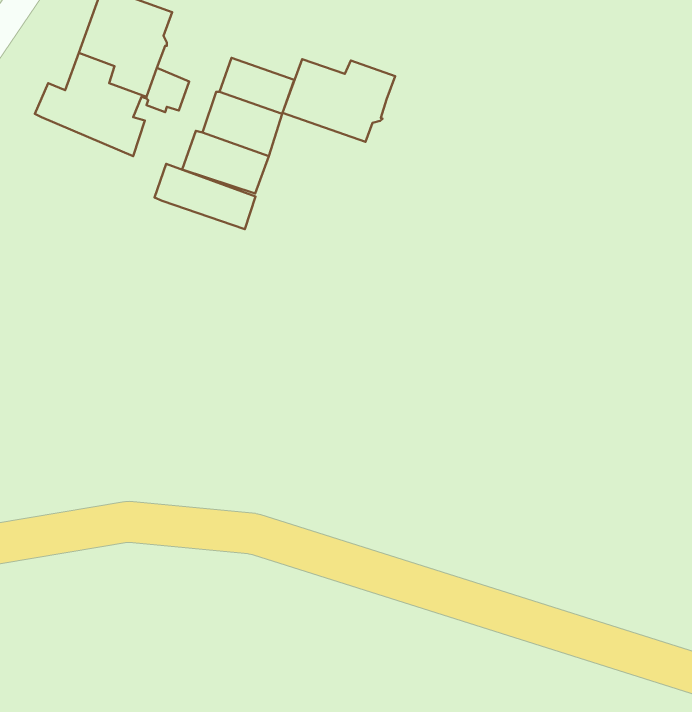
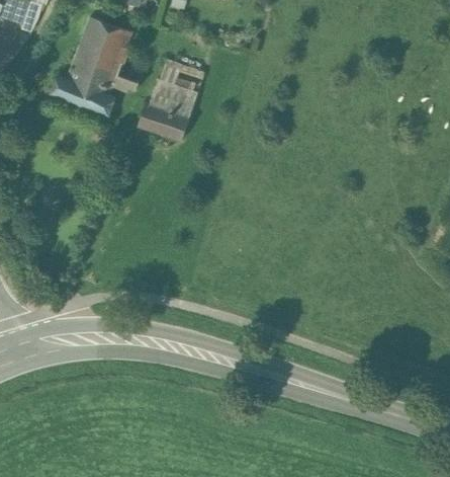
building: [283,59,395,142] -> none
building: [154,164,256,229] -> none

